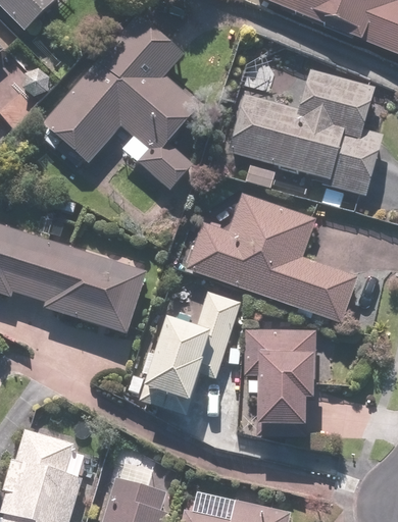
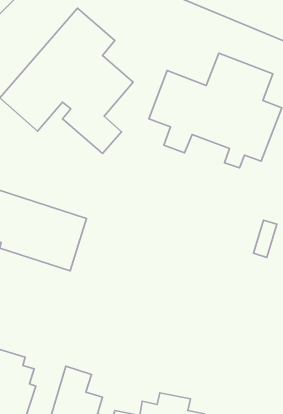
building: [183,191,356,319] -> none
building: [136,293,238,415] -> none
building: [242,320,316,435] -> none

